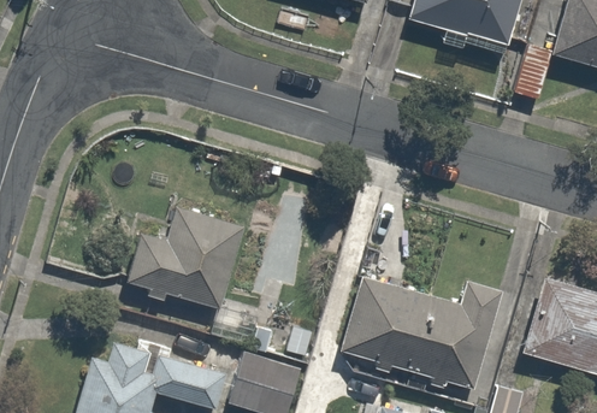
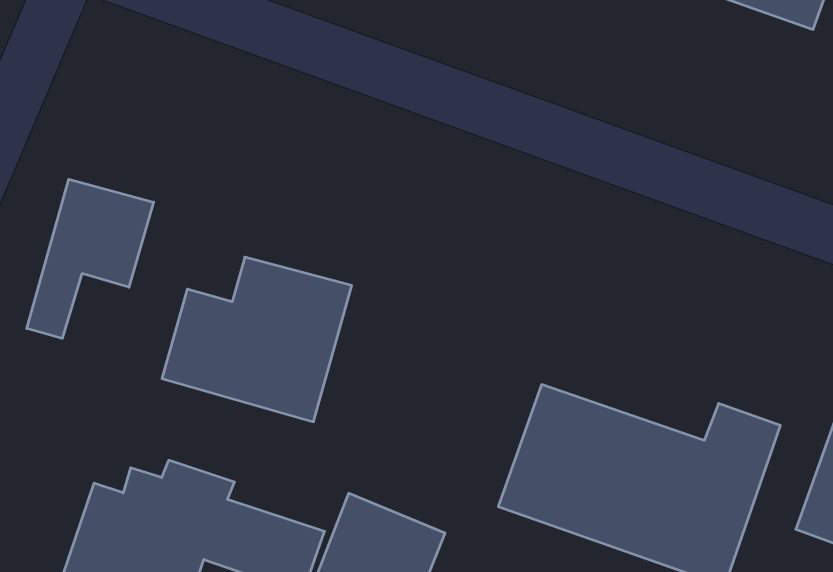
building: none -> [27,179,154,338]

